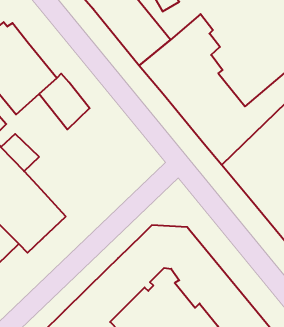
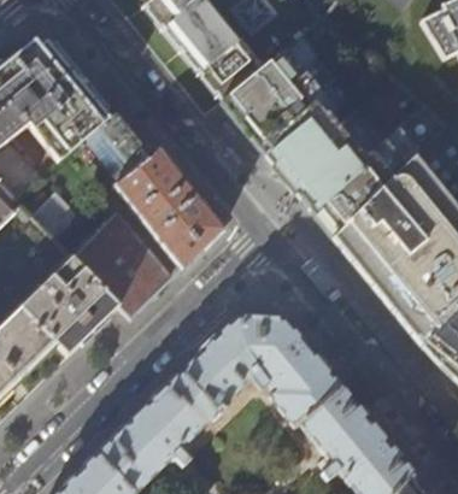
building: none -> [119,149,224,267]
building: none -> [82,218,169,317]

